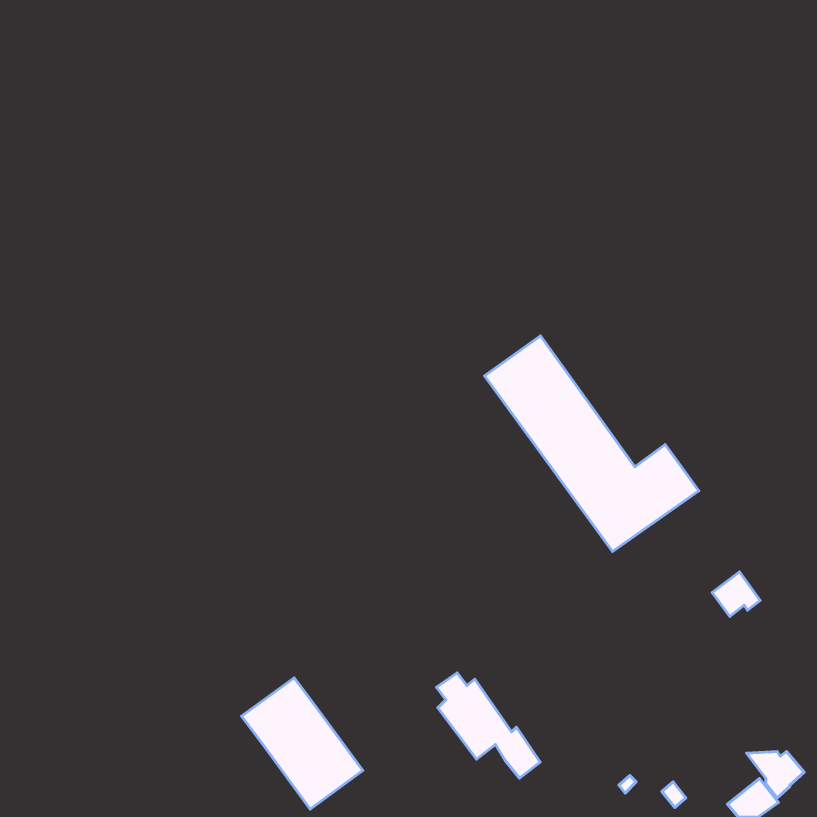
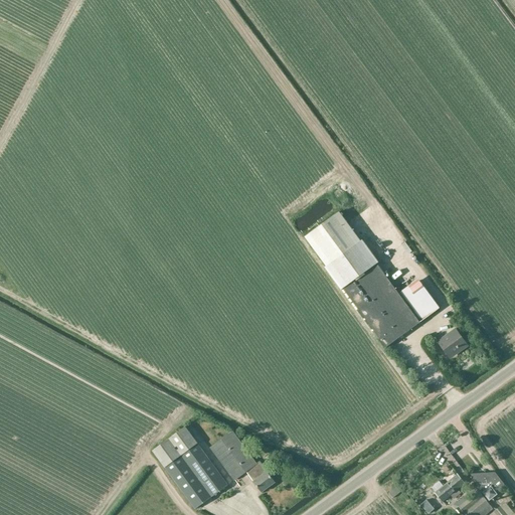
building: [712,572,760,616] -> [438,328,468,356]
building: [436,673,540,778] -> [209,426,275,493]
building: none -> [435,474,465,503]

